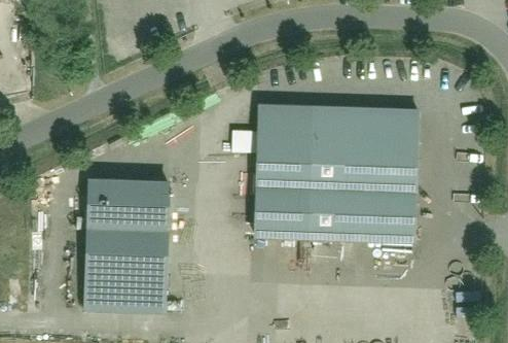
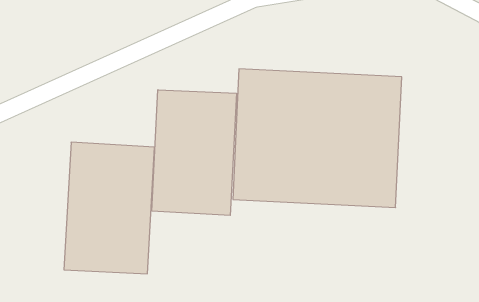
building: none -> [152,90,236,215]

